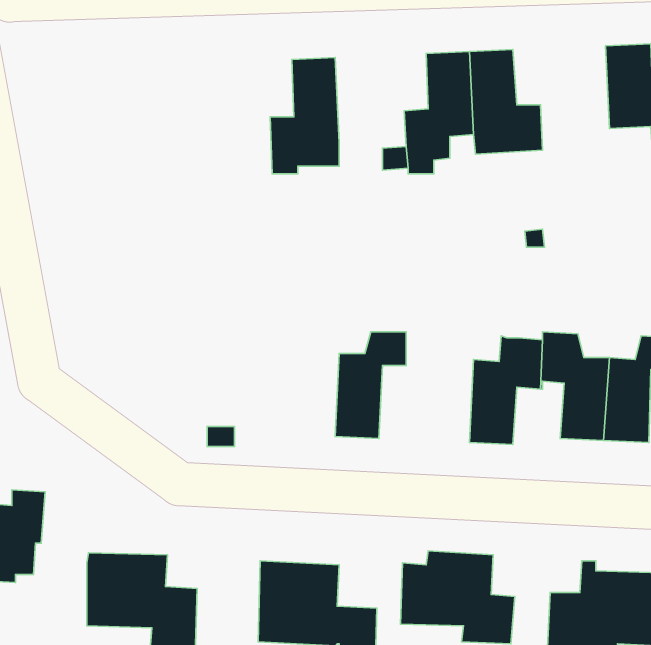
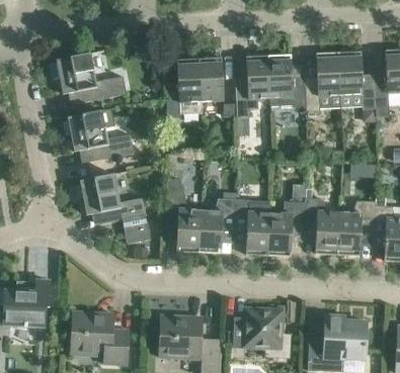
building: none -> [305,52,340,111]
building: none -> [52,53,127,103]
building: none -> [199,57,224,101]
building: none -> [63,109,135,162]
building: none -> [75,173,151,244]
building: none -> [166,178,202,252]
building: none -> [236,198,270,255]

